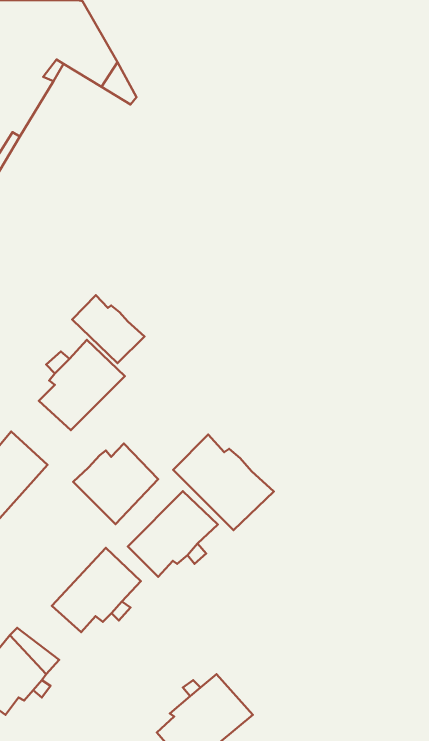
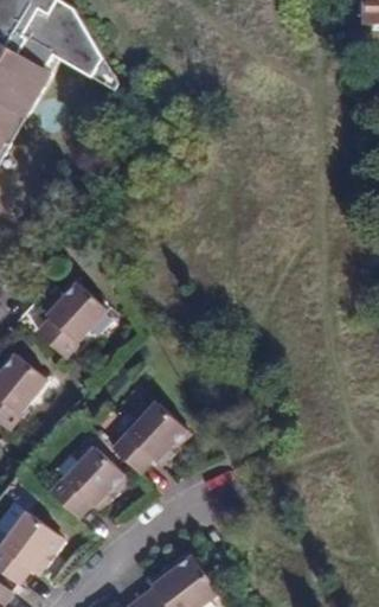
building: [72,295,145,363] -> none
building: [173,435,274,530] -> none
building: [73,444,158,524] -> none

